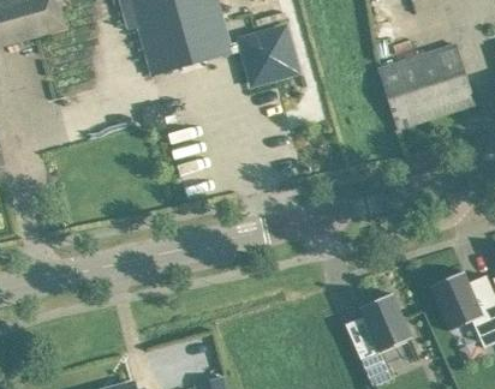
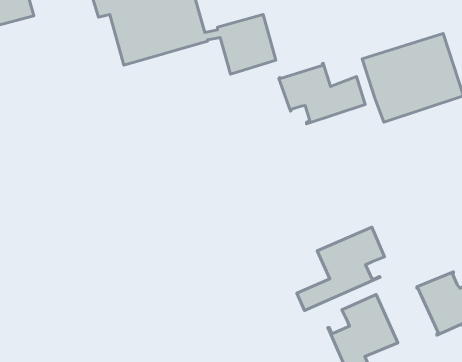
building: none -> [279,63,365,124]
building: none -> [297,227,384,311]

